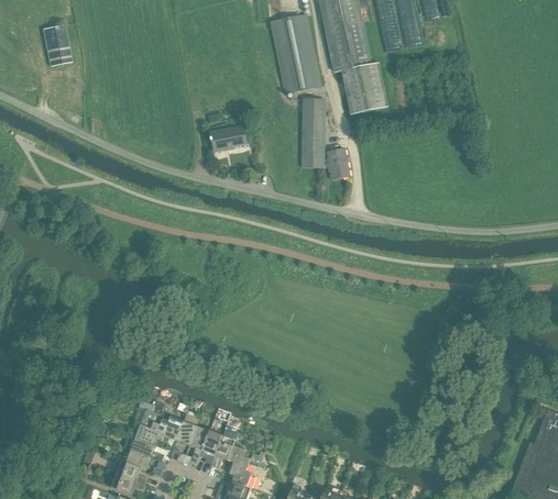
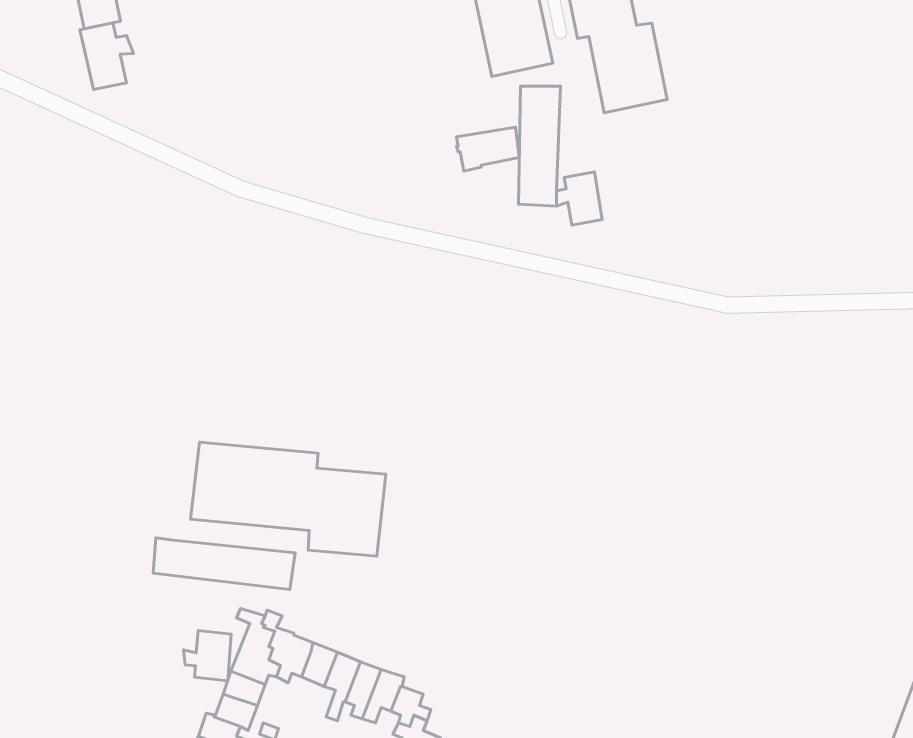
building: none -> [80,23,133,90]
building: [209,125,245,151] -> [456,127,519,171]
building: none -> [190,442,386,556]
building: none -> [153,538,295,589]
building: none -> [184,631,231,681]

